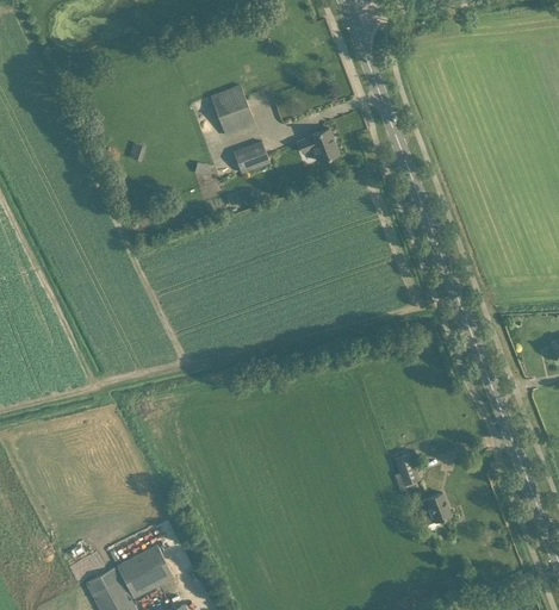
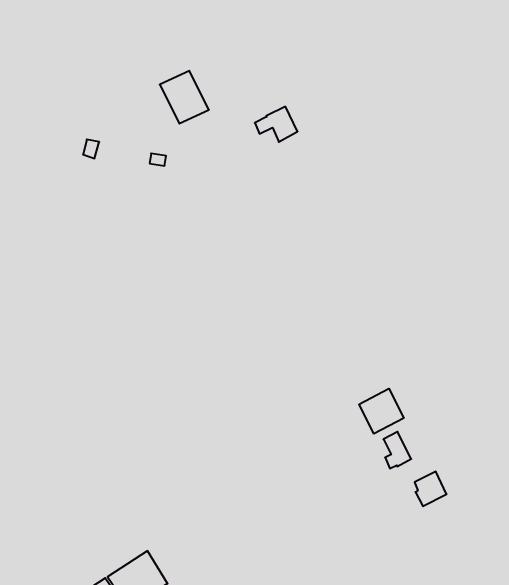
building: [232,141,268,173] -> none
building: none -> [359,389,404,434]

